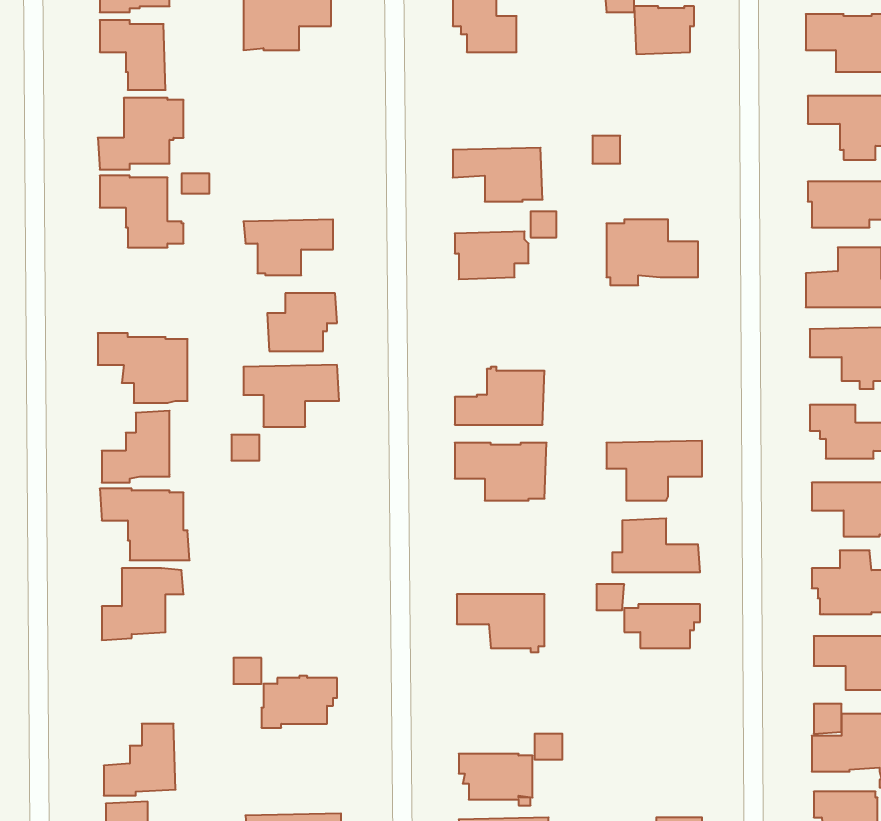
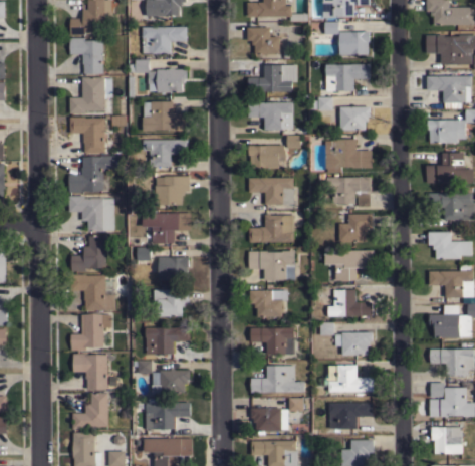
building: none -> [136,59,188,92]
building: none -> [325,63,371,91]
building: none -> [248,65,297,91]
building: none -> [143,101,189,131]
building: none -> [339,106,371,131]
building: none -> [69,156,120,193]
building: none -> [326,174,372,207]
building: none -> [249,178,294,204]
building: none -> [338,214,372,242]
building: none -> [159,257,190,280]
building: none -> [154,289,189,316]
building: none -> [250,289,287,317]
building: none -> [146,327,190,354]
building: none -> [72,353,107,389]
building: none -> [324,365,373,392]
building: none -> [251,366,304,393]
building: none -> [146,402,190,430]
building: none -> [328,402,374,429]

